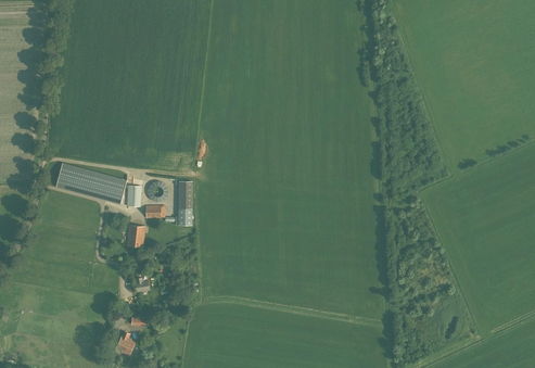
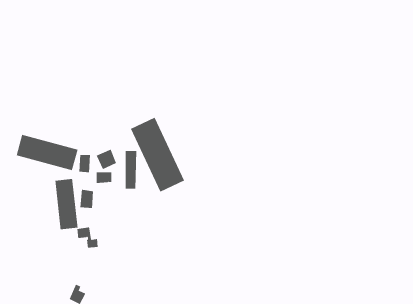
building: none -> [130,117,185,193]
building: none -> [55,178,78,230]

